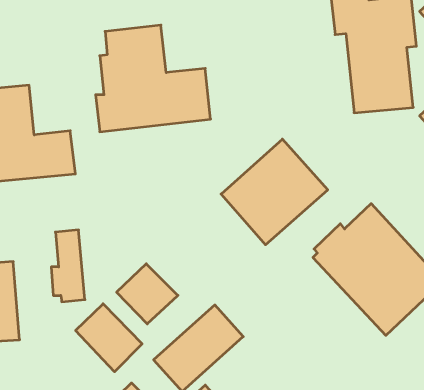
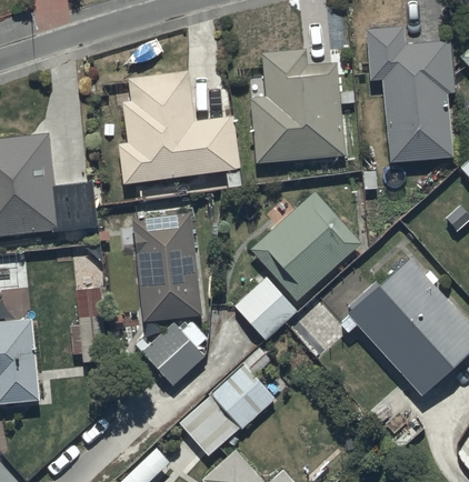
building: none -> [250,50,343,163]
building: none -> [132,212,202,322]
building: none -> [233,277,297,340]
building: [76,304,142,372] -> none

